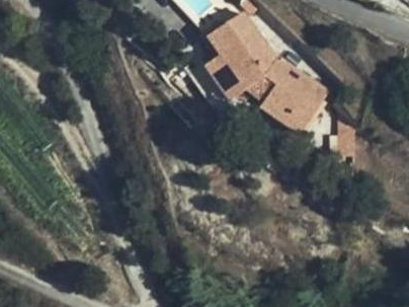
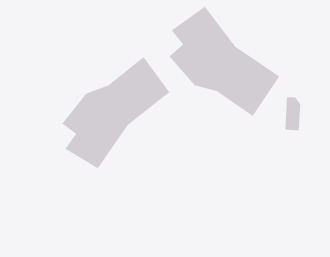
building: none -> [62,56,170,169]

